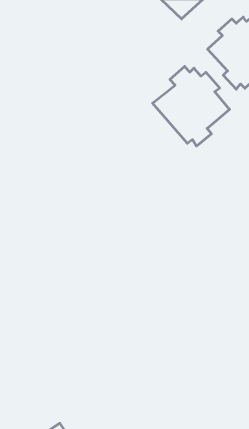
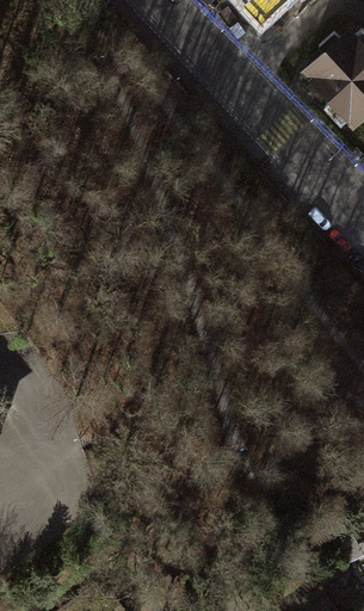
building: [153,66,230,146] -> none

